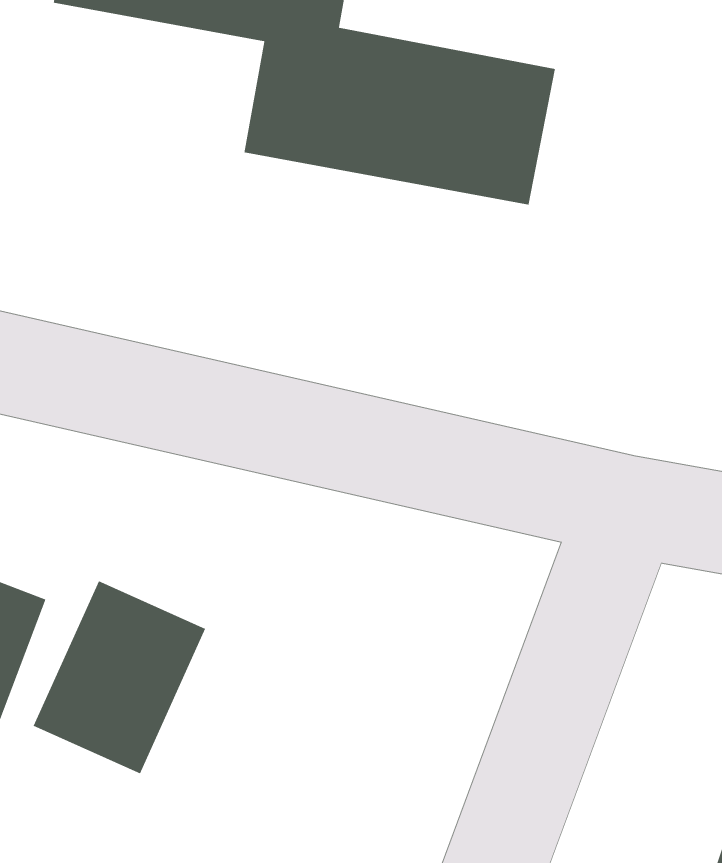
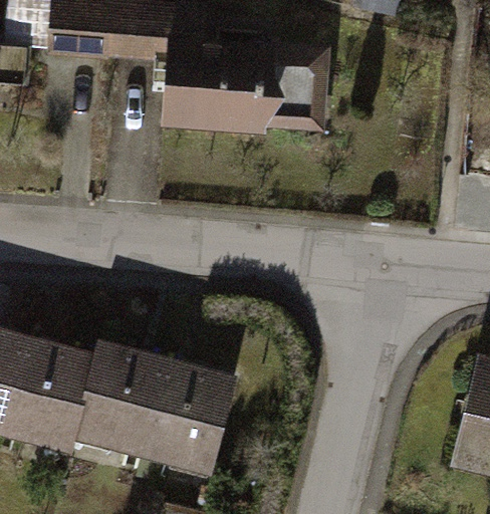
building: none -> [151,371,236,471]

